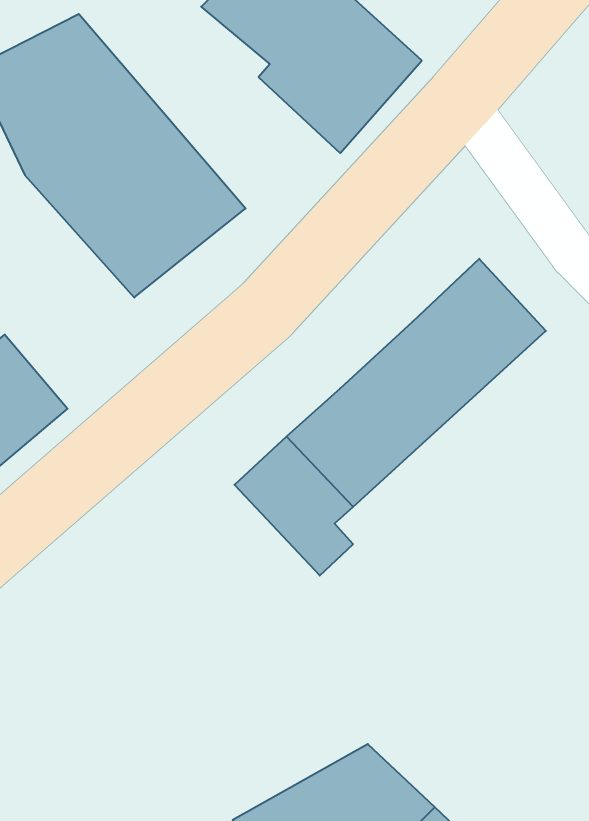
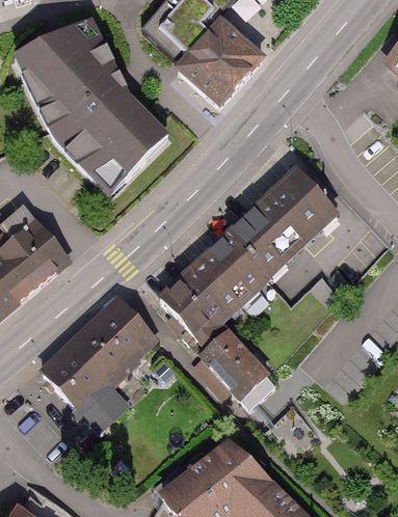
building: none -> [43,297,161,433]
building: none -> [202,329,275,404]

